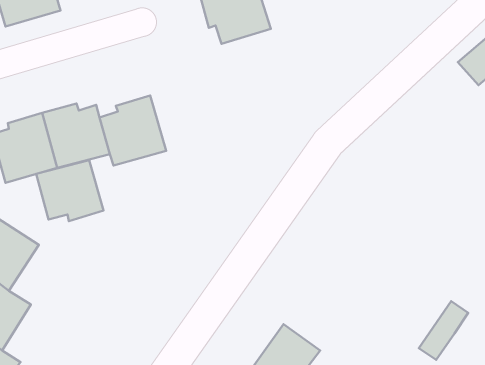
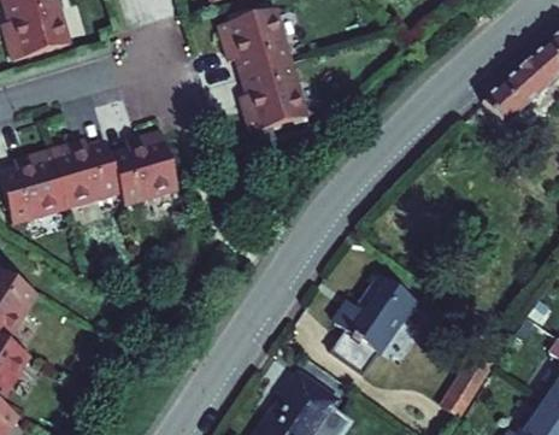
building: none -> [235,63,304,135]
building: [36,160,103,221] -> none
building: none -> [333,274,416,369]

